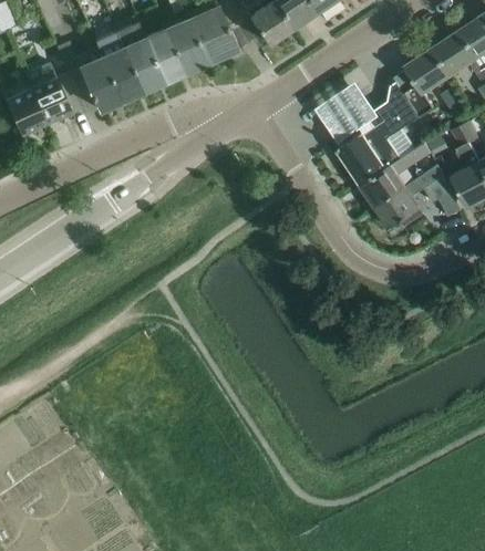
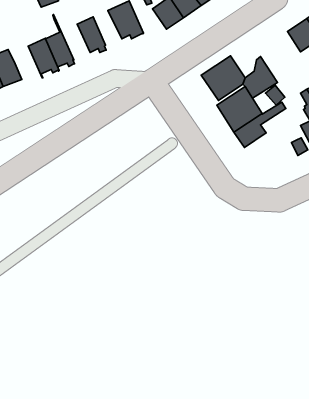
building: [114,11,165,86] -> none
building: [168,19,207,66] -> none
building: [393,48,451,117] -> none
building: [374,165,444,228] -> none

